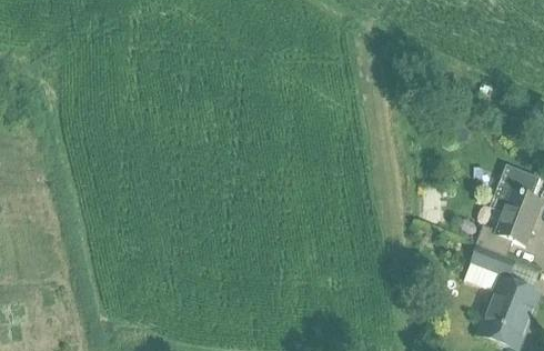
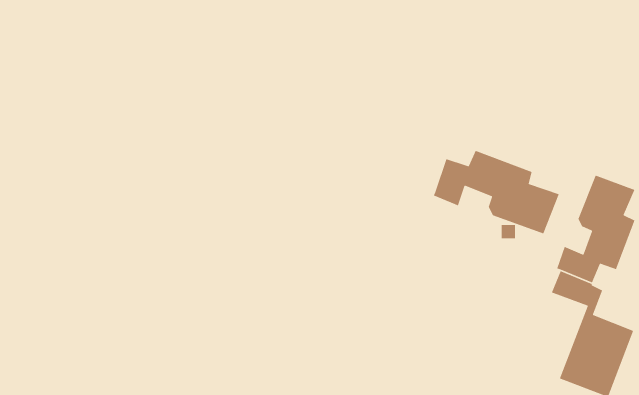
building: none -> [433,150,560,235]

